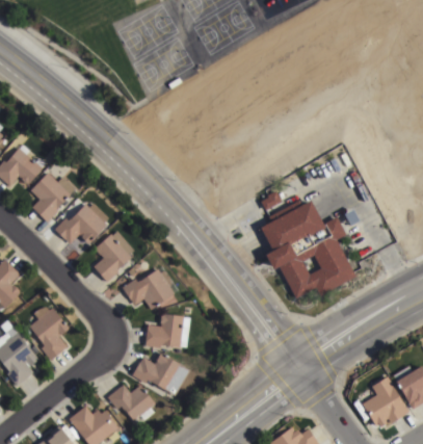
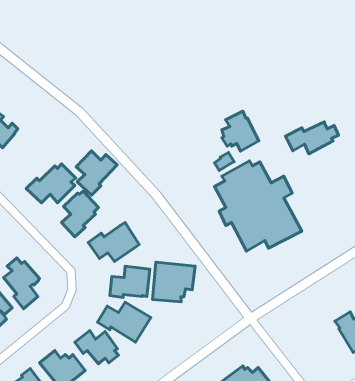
building: none -> [222,111,259,151]
building: none -> [286,122,339,154]
building: [30,173,75,221] -> [76,151,117,195]
building: none -> [152,262,195,302]
building: [362,376,408,427] -> none

